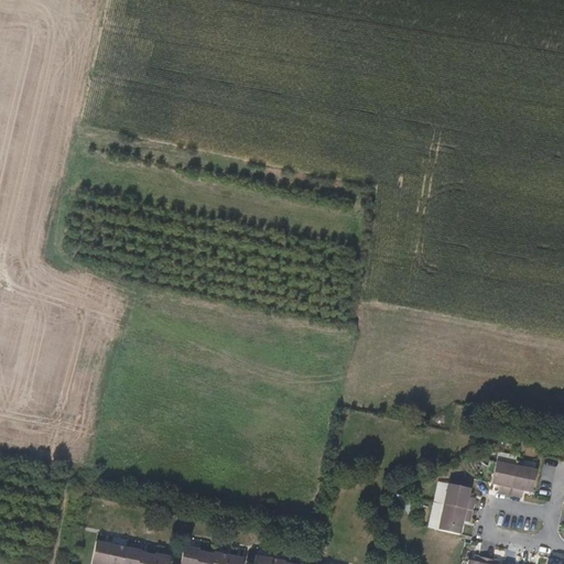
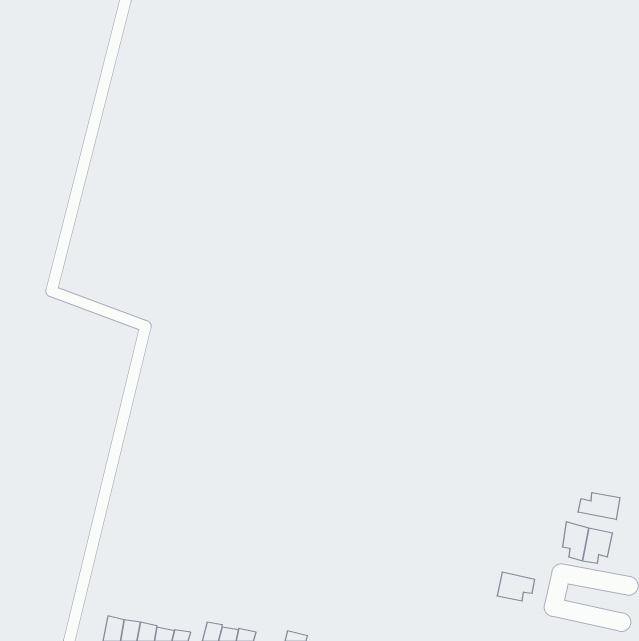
building: none -> [578,493,620,520]
building: [443,484,475,509] -> none

